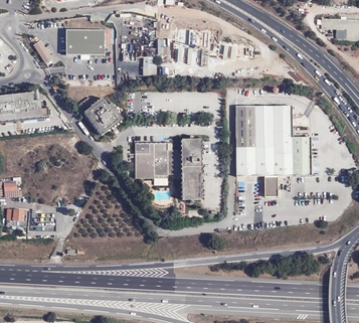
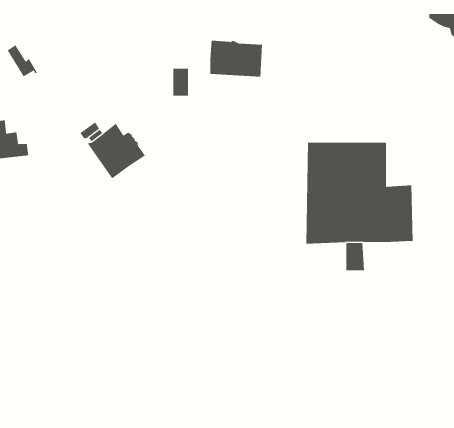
building: [65,29,104,54] -> none
building: [139,138,205,198] -> none

